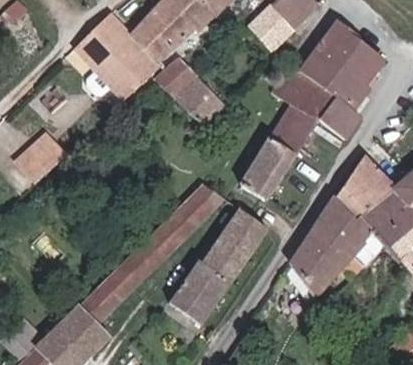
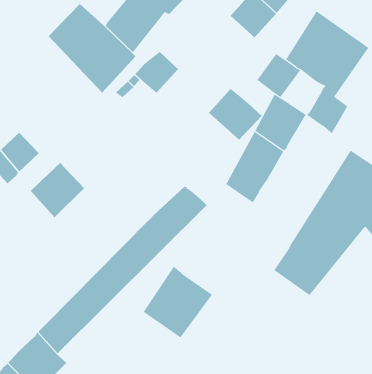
building: [179,75,230,124] -> [208,88,262,140]
building: [296,76,337,118] -> none
building: none -> [30,162,85,218]
building: [201,213,267,287] -> none

